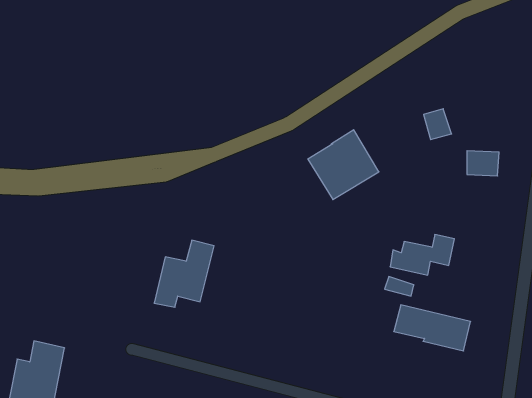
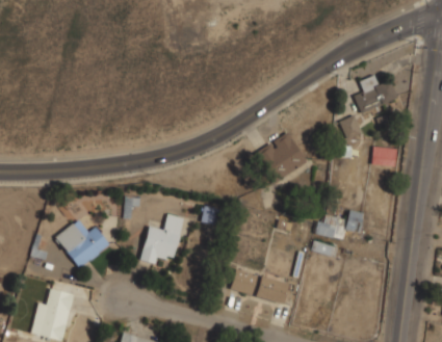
building: none -> [355,76,396,113]
building: none -> [56,219,111,269]
building: [394,305,471,351] -> [231,270,288,305]

